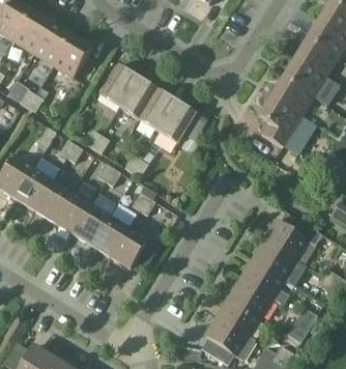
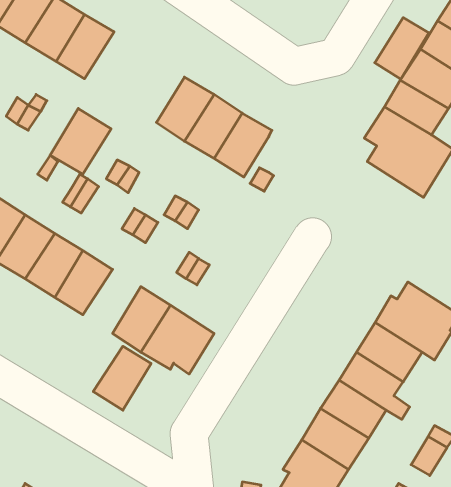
building: none -> [375,18,429,79]
building: [98,62,139,106] -> [50,108,111,174]
building: [71,203,110,246] -> [93,346,151,410]

